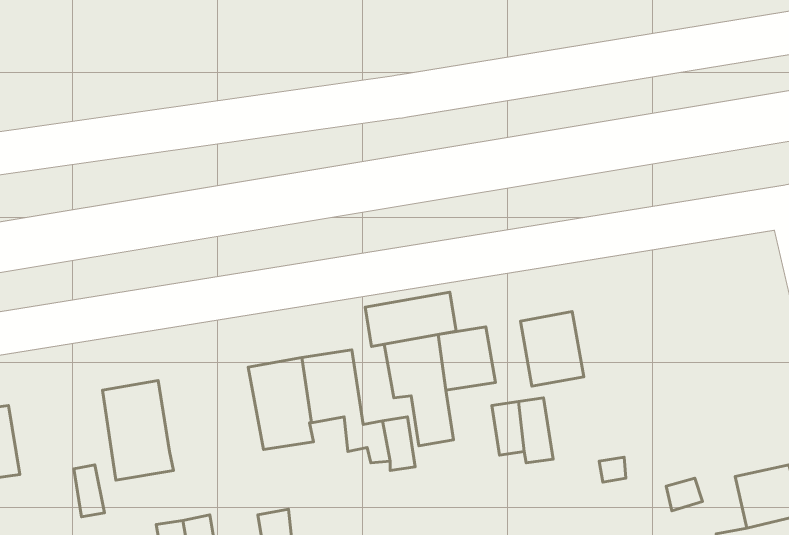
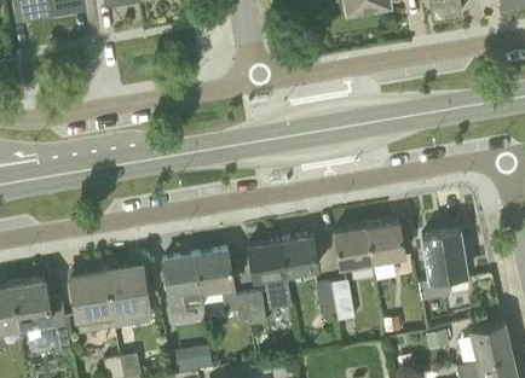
building: [365,292,456,346] -> none
building: none -> [367,221,405,267]
building: none -> [419,231,468,301]
building: none -> [105,263,151,326]
building: none -> [11,279,51,328]

